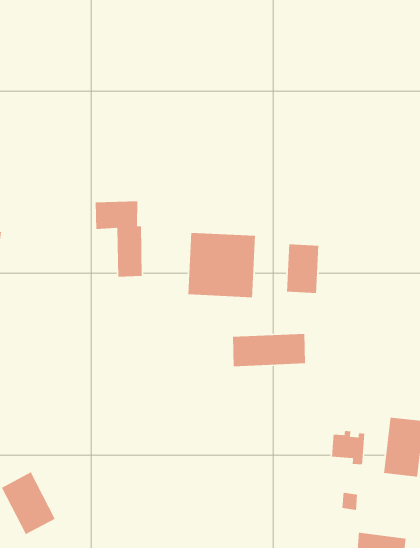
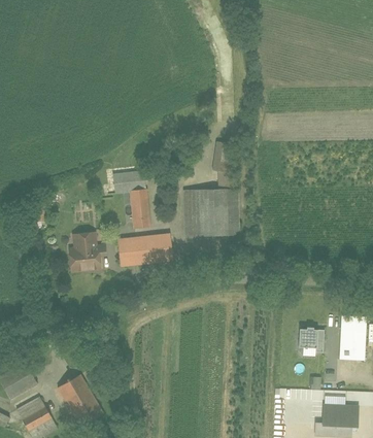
building: [286,243,319,294] -> none
building: none -> [68,232,107,272]
building: [232,333,306,367] -> [117,233,173,262]

